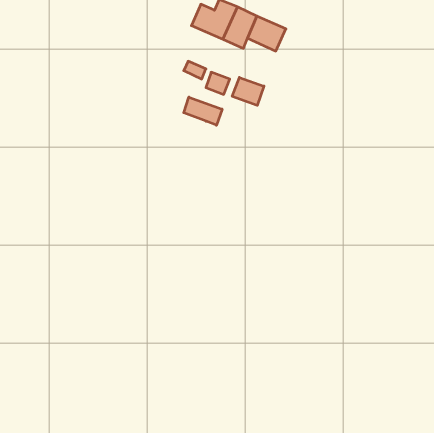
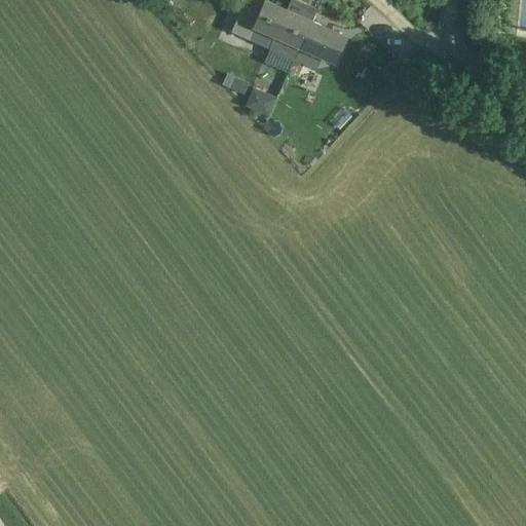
building: [232,77,264,105] -> none
building: [184,97,222,125] -> none

